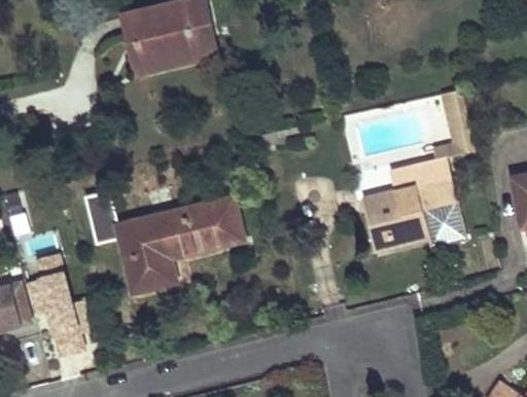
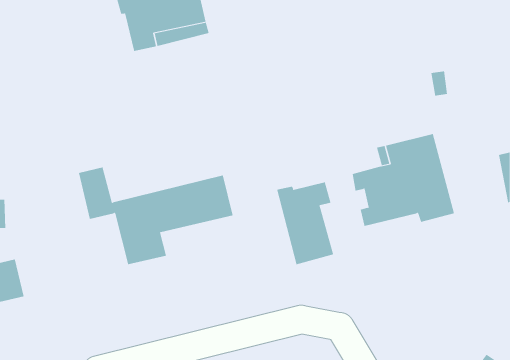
building: none -> [277,181,334,265]
building: [26,256,94,353] -> none

